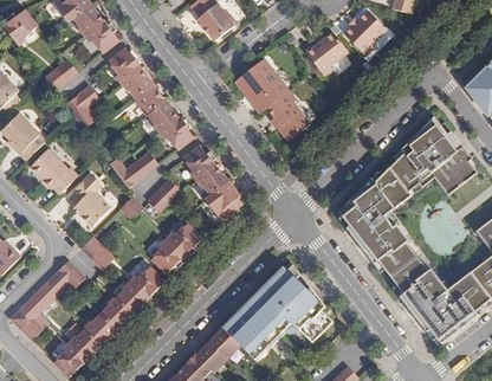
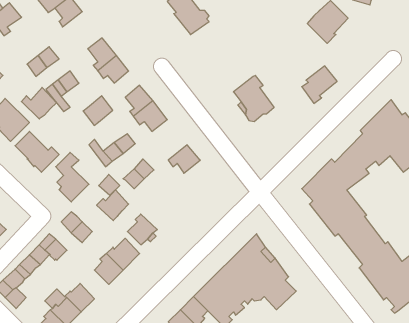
building: [82,21,118,53] -> none
building: [308,32,345,72] -> [302,66,337,103]
building: [235,58,286,112] -> none
building: [132,85,164,117] -> [83,96,113,125]
building: none -> [21,87,57,119]
building: [185,146,215,181] -> none
building: [205,181,242,224] -> none
building: [166,222,200,256] -> [97,190,129,221]
building: [101,297,131,330] -> none

